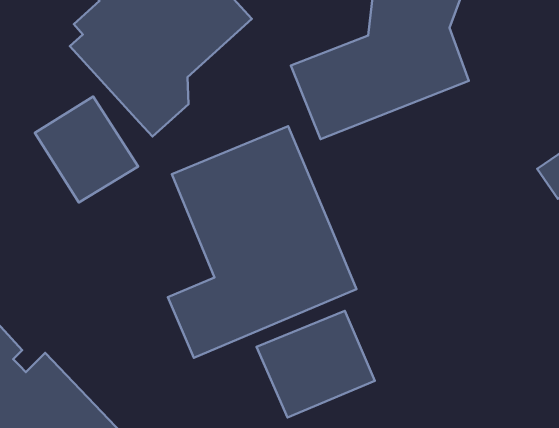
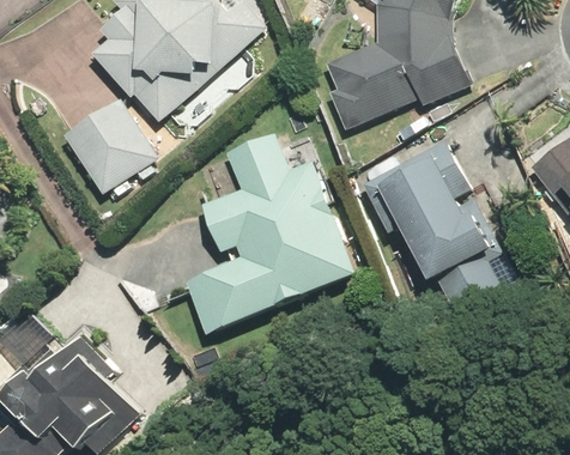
building: none -> [368,138,508,314]
building: [256,311,375,418] -> none

